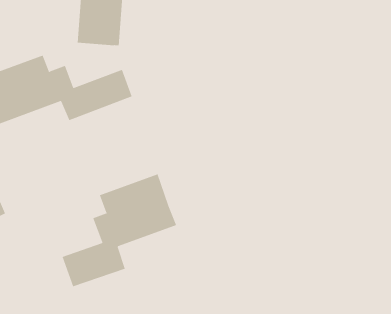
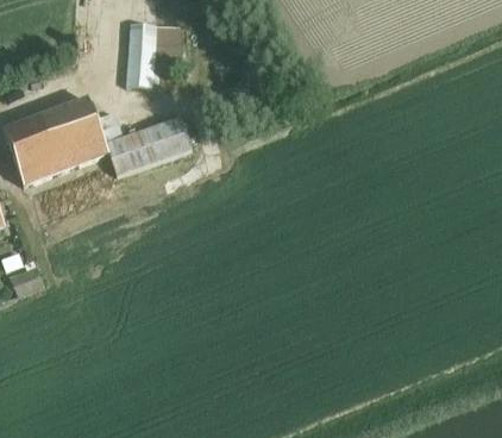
building: [62,173,177,287] -> none

